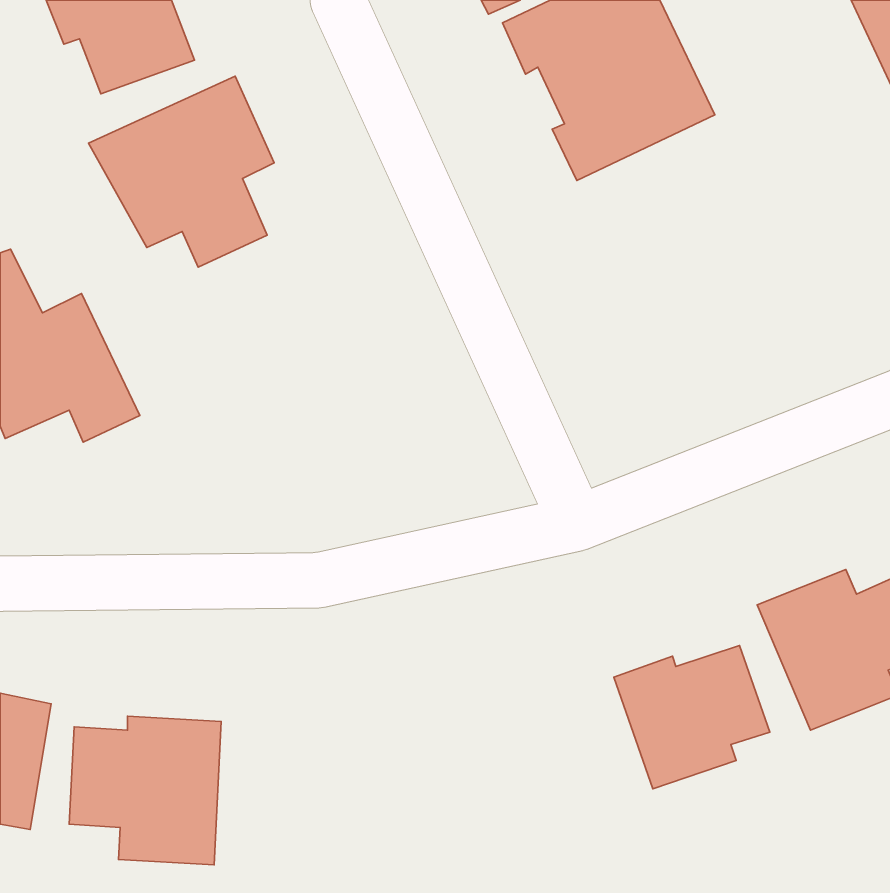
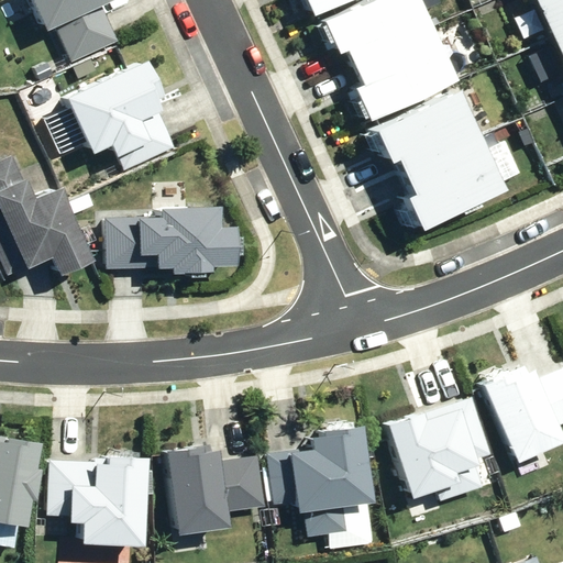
building: none -> [373,90,505,229]
building: none -> [109,206,234,272]
building: none -> [289,426,371,534]
building: none -> [167,439,272,537]

